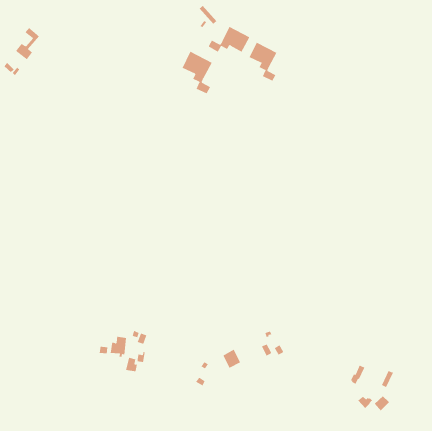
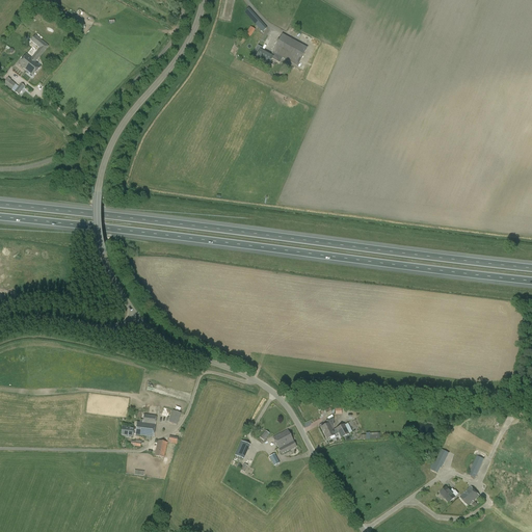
building: [249,42,277,81] -> none
building: [182,51,212,94] -> none

